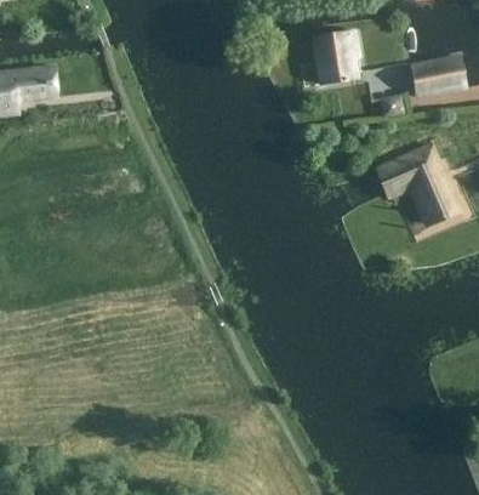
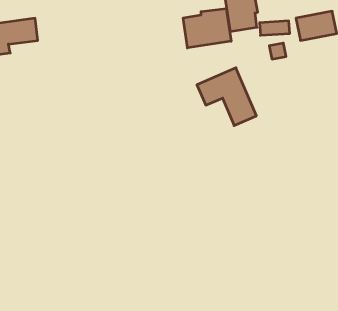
building: none -> [183,8,231,48]
building: [375,143,456,222] -> [197,68,256,126]

